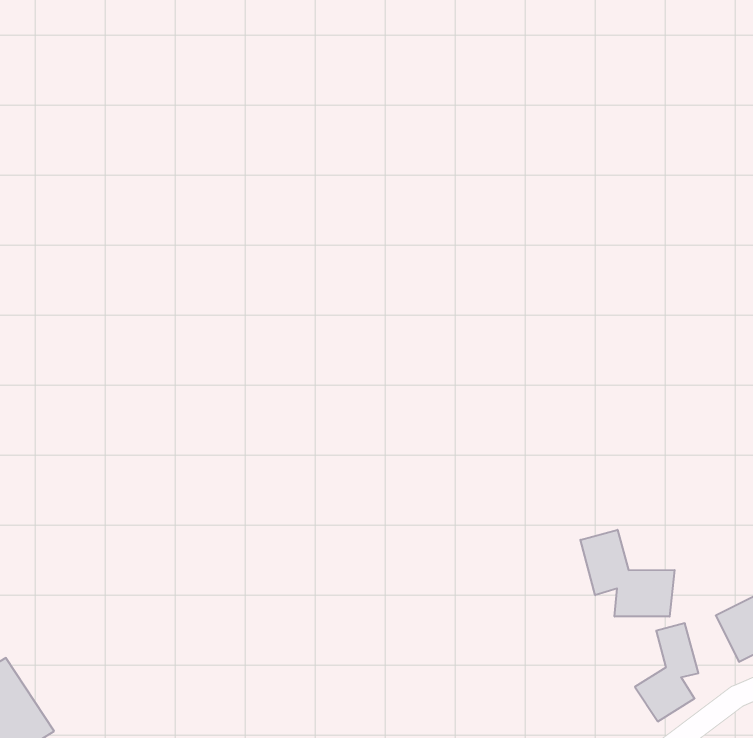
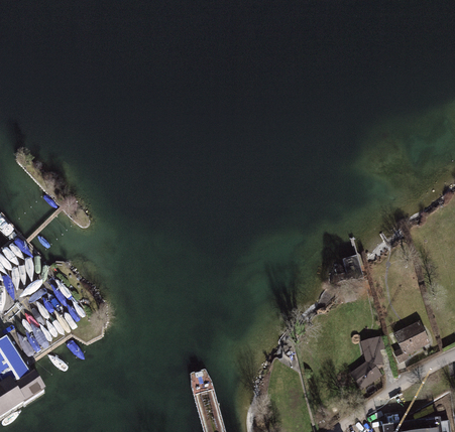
building: [580,530,675,617] -> none

